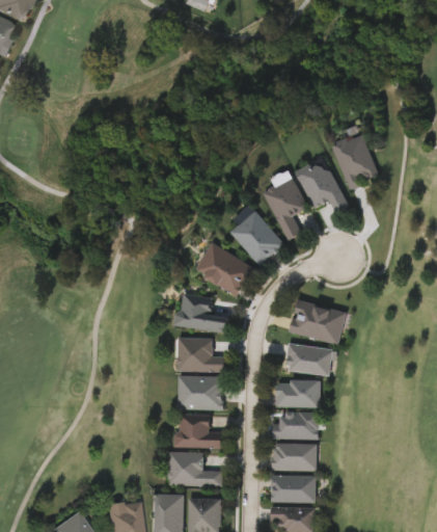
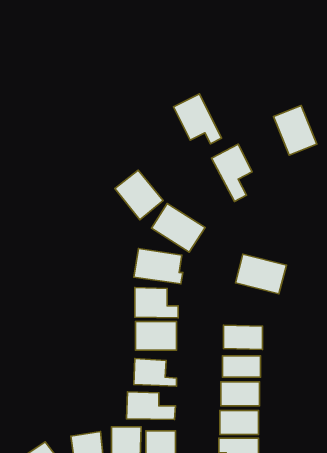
building: [295,157,349,213] -> [173,94,222,144]
building: [230,211,284,267] -> [115,170,163,220]
building: [286,345,332,375] -> none

